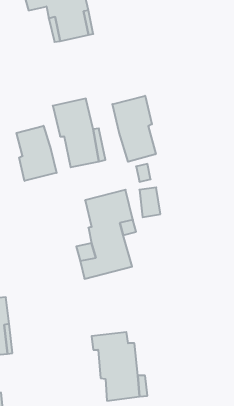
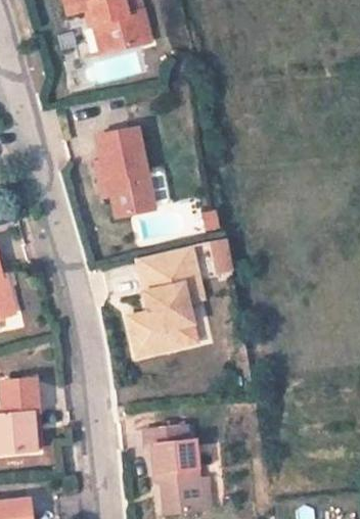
building: [112,96,156,162] -> none
building: [16,126,57,181] -> none

